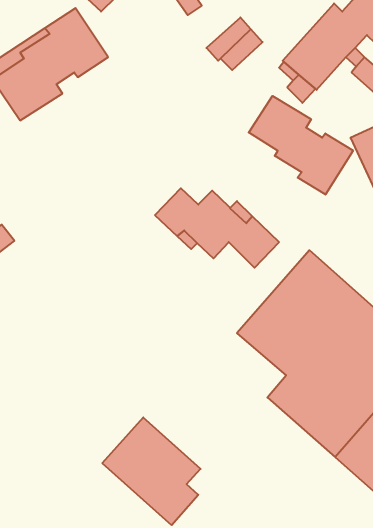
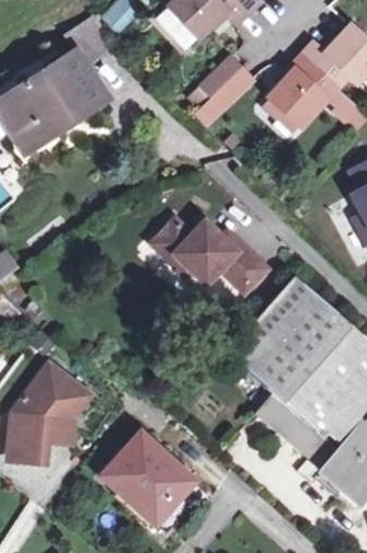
building: [249,96,353,195] -> none
building: none -> [12,365,91,462]

